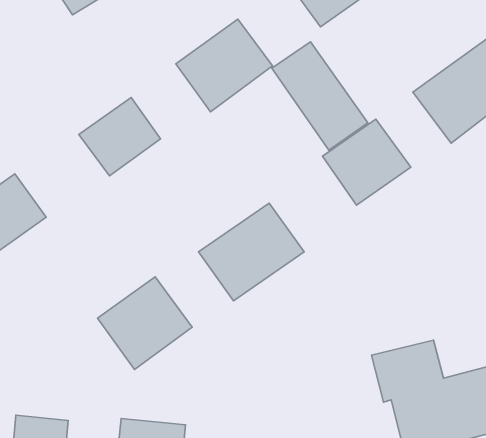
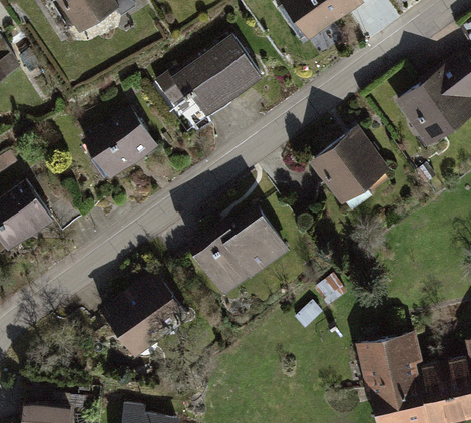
building: [272,42,368,150] -> none

